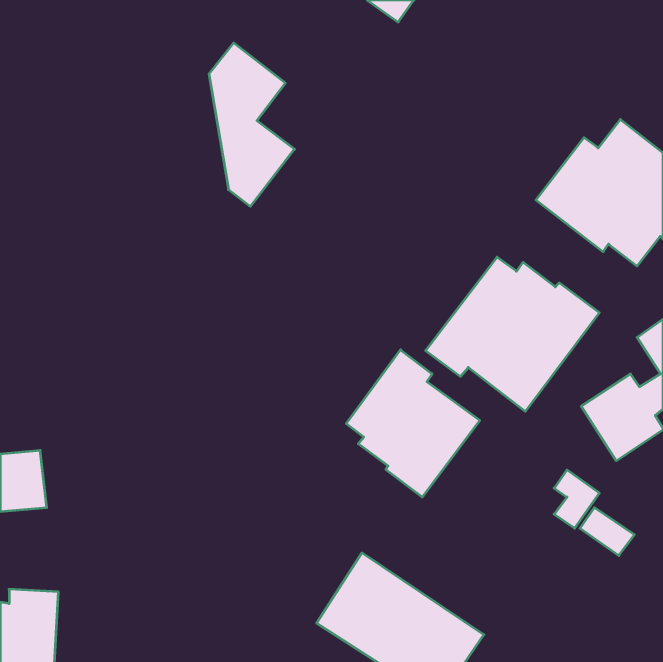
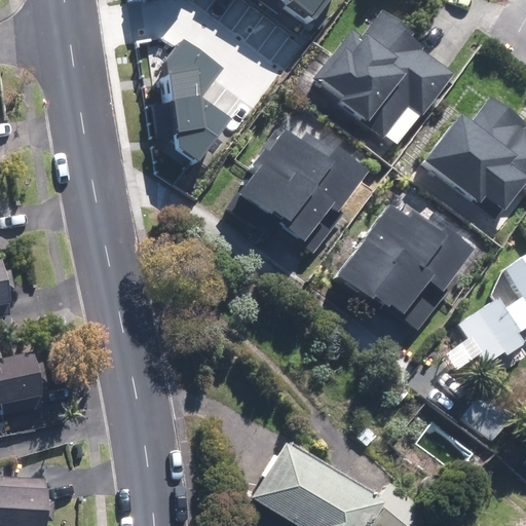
building: none -> [314,9,453,140]
building: none -> [235,113,371,252]
building: [346,350,480,497] -> none

